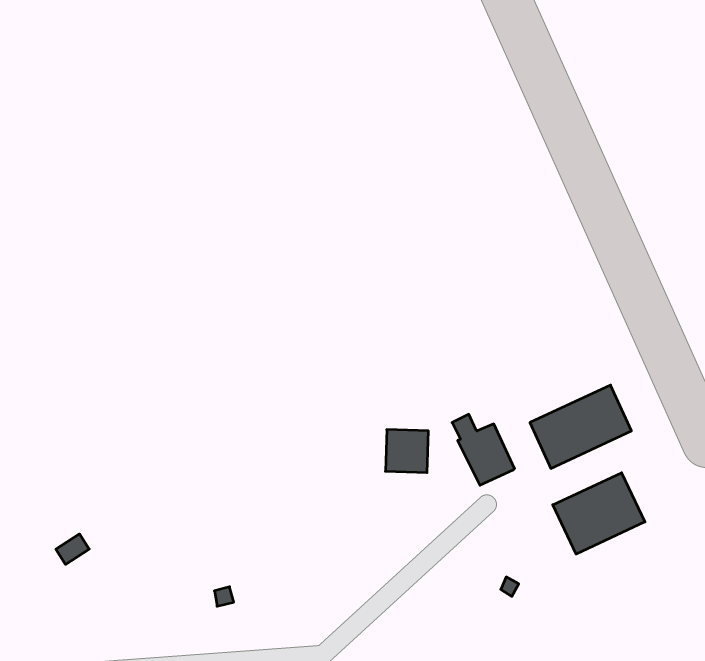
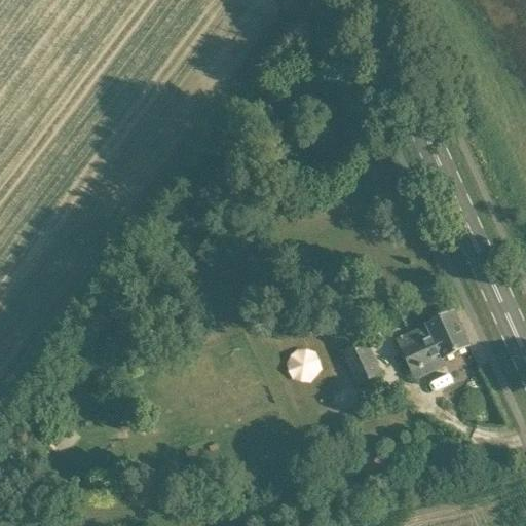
building: [553,473,645,554] -> none

